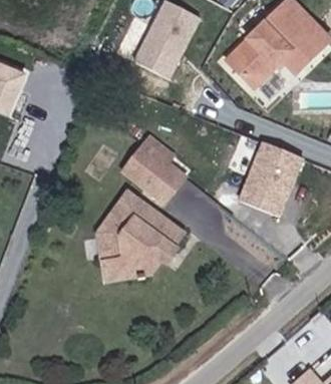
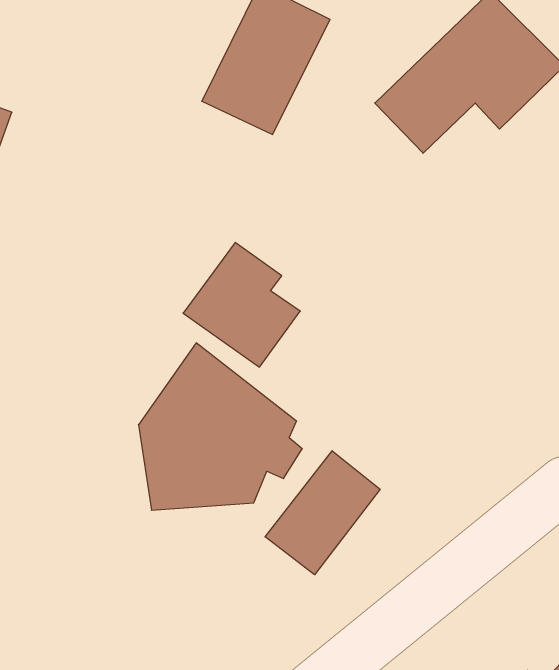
building: [237,138,305,216] -> none
building: none -> [265,451,380,575]

